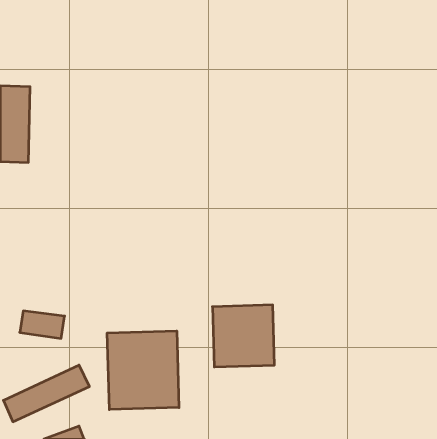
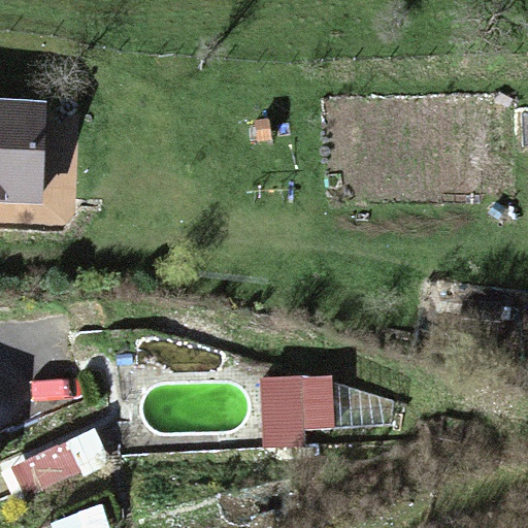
building: [107,331,179,410] -> none

